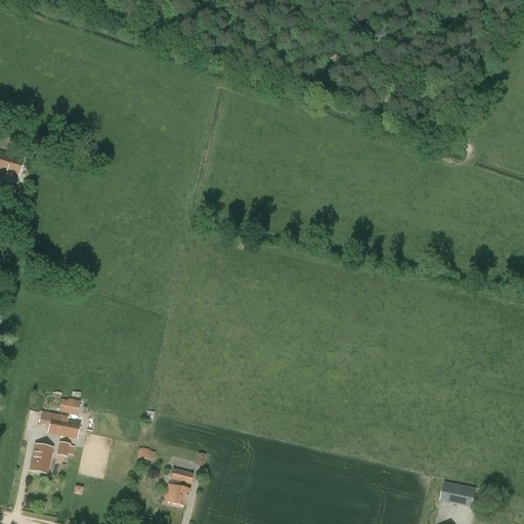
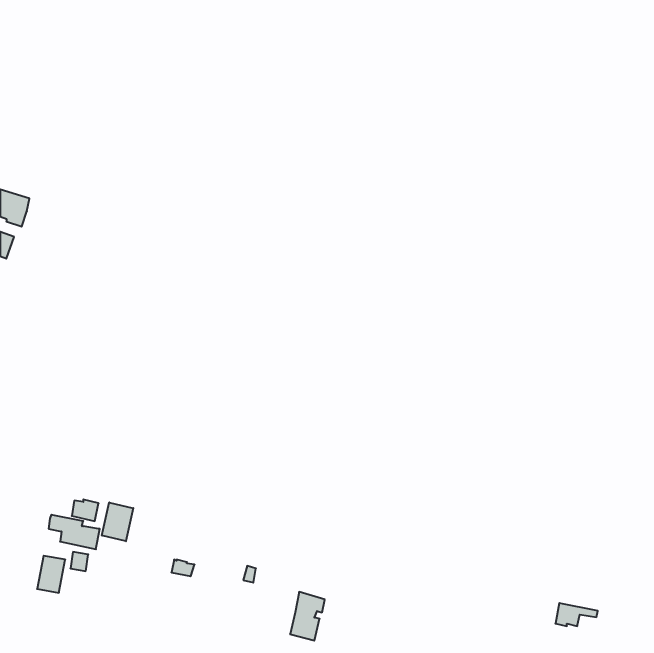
building: none -> [102,502,133,541]
building: [165,468,192,507] -> [290,592,325,641]

